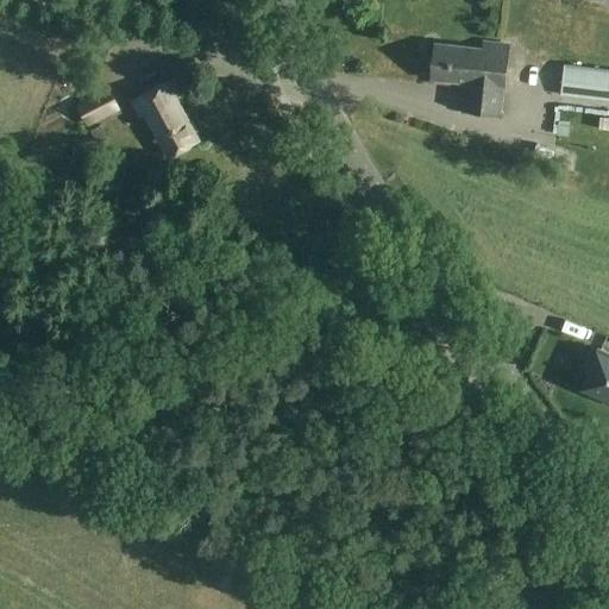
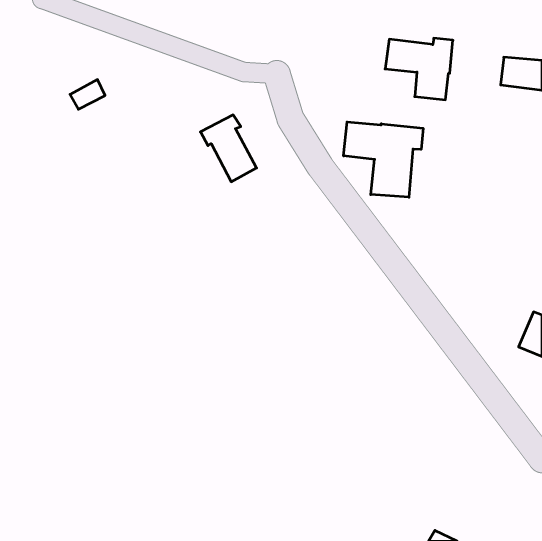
building: [134,81,197,156] -> [200,115,257,182]
building: none -> [344,122,423,197]

